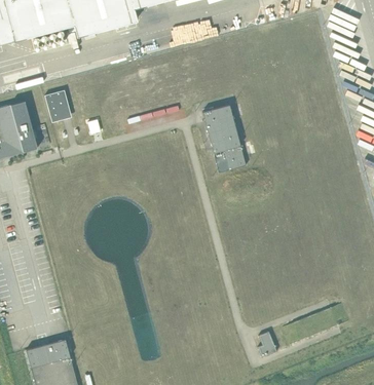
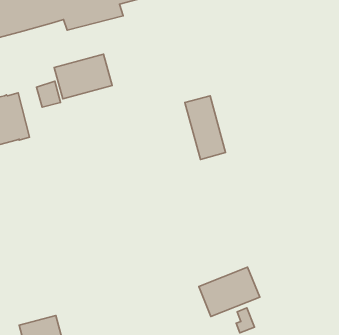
building: none -> [54,54,112,99]
building: none -> [199,267,260,317]

